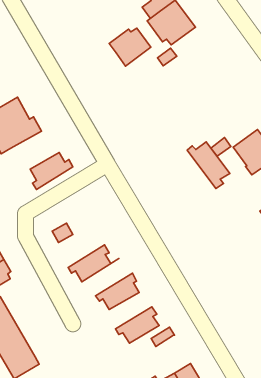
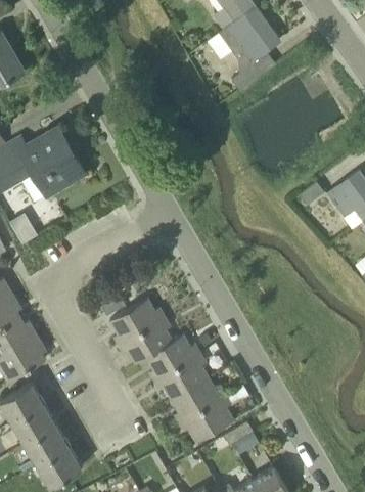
building: [109,28,151,66] -> none
building: [187,142,230,189] -> none
building: [30,152,73,189] -> [110,299,165,346]
building: none -> [136,334,200,382]
building: none -> [171,377,225,423]

